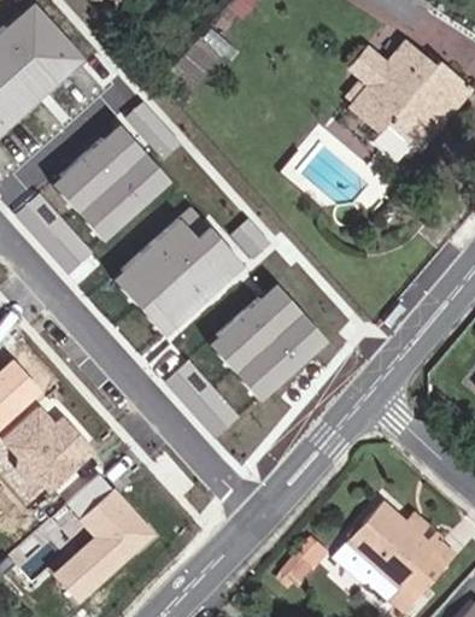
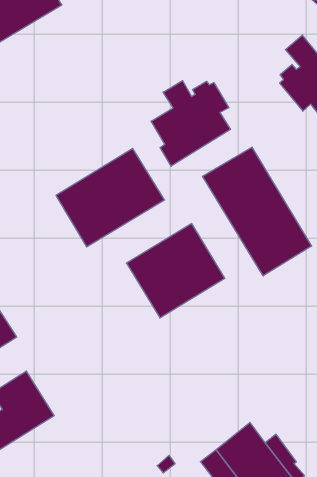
building: none -> [151,81,231,166]
building: [52,124,166,239] -> none
building: none -> [203,147,312,276]

